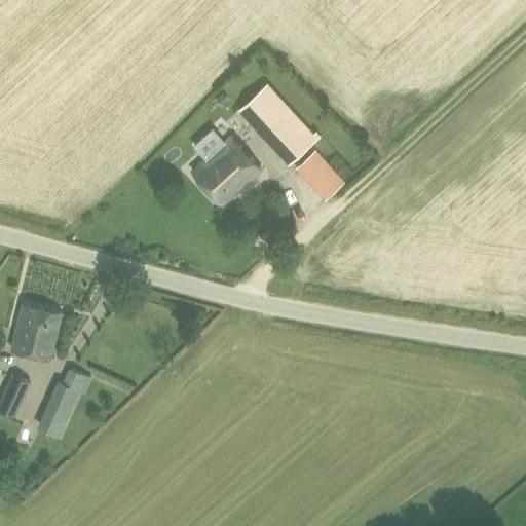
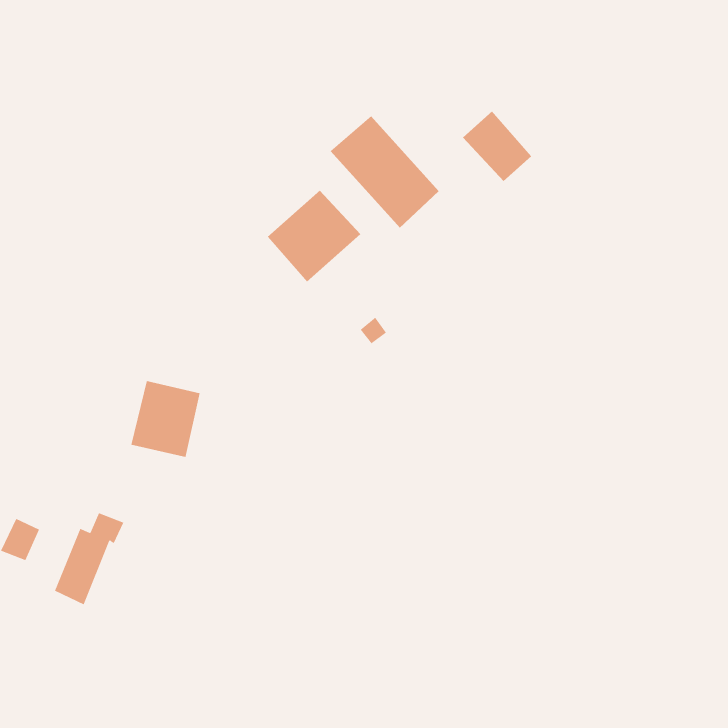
building: [294,150,344,201] -> [462,111,532,182]
building: [10,304,61,360] -> [131,380,200,458]

